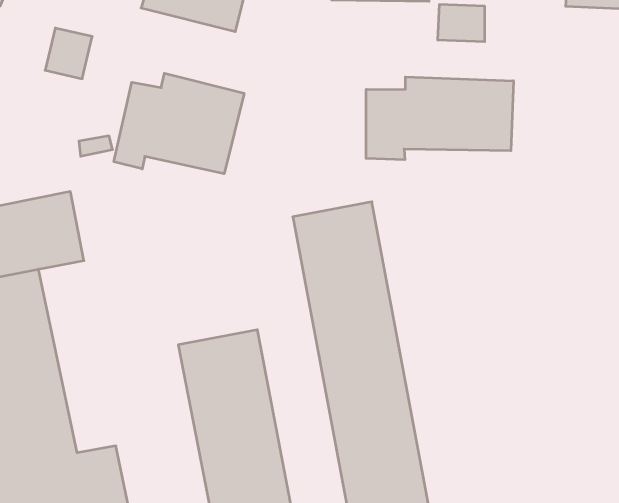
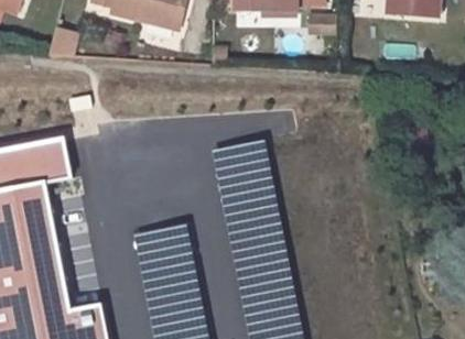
building: [114,73,244,174] -> none
building: [366,77,513,160] -> none

